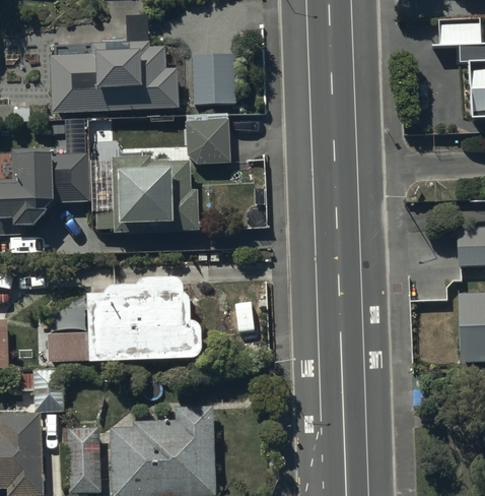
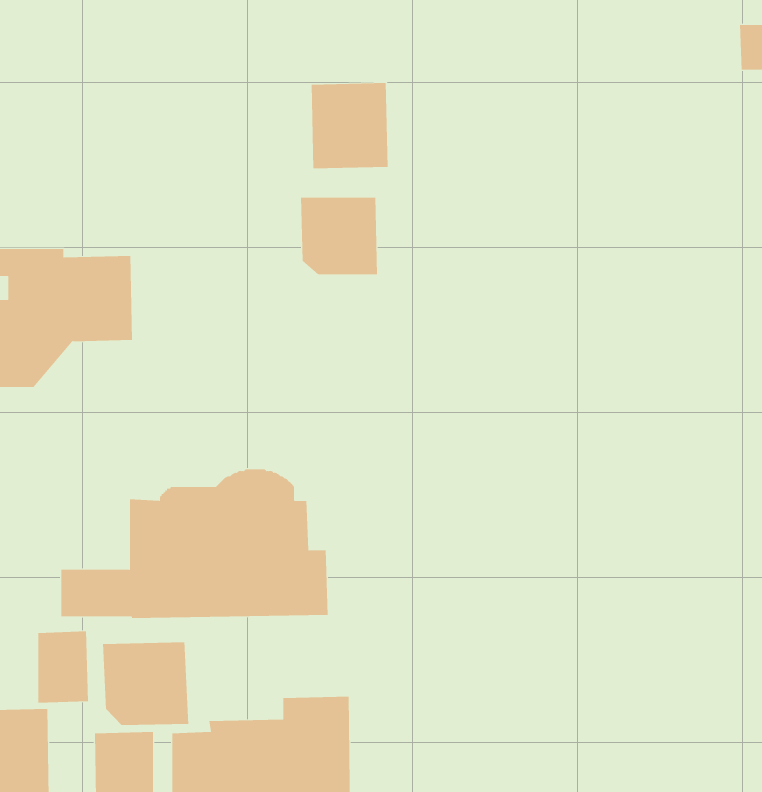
building: [51,15,179,112] -> none
building: [94,159,200,233] -> none
building: none -> [102,642,189,726]

